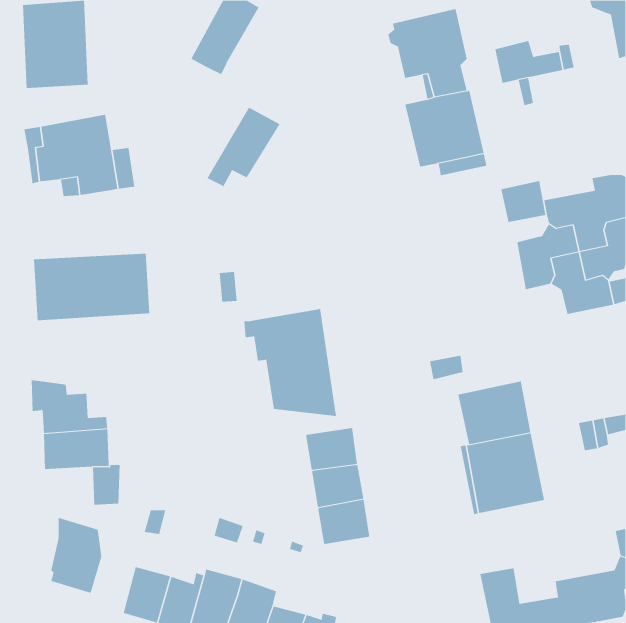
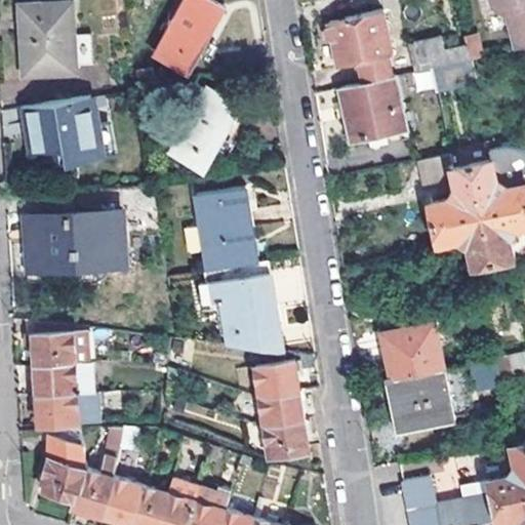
building: none -> [197,188,256,272]
building: none -> [37,394,78,428]
building: none -> [73,458,117,516]

